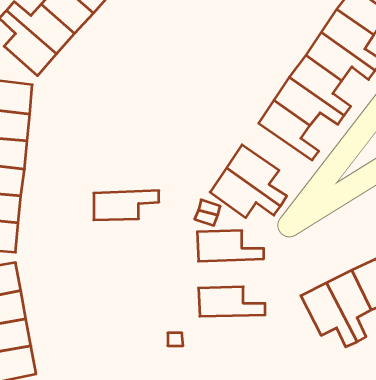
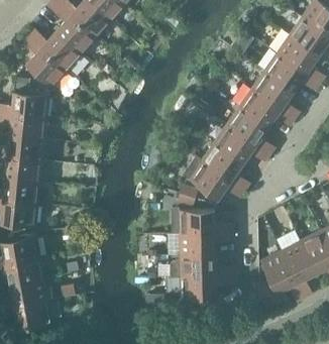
building: none -> [214,125,269,162]
building: [94,191,159,220] -> [180,232,231,255]
building: none -> [181,276,232,301]

